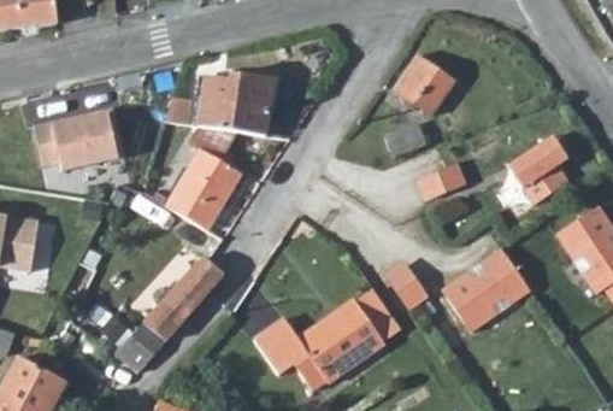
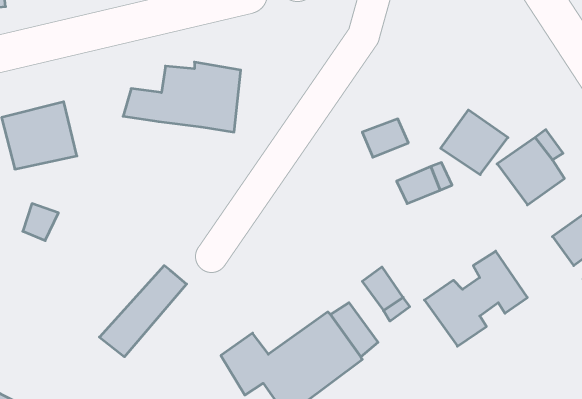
building: [391,55,453,115] -> [441,110,508,175]
building: [165,127,240,231] -> none
building: [114,323,165,374] -> none

